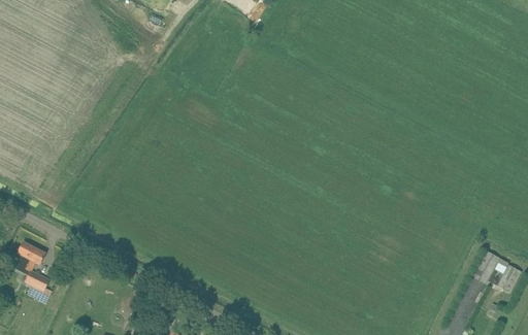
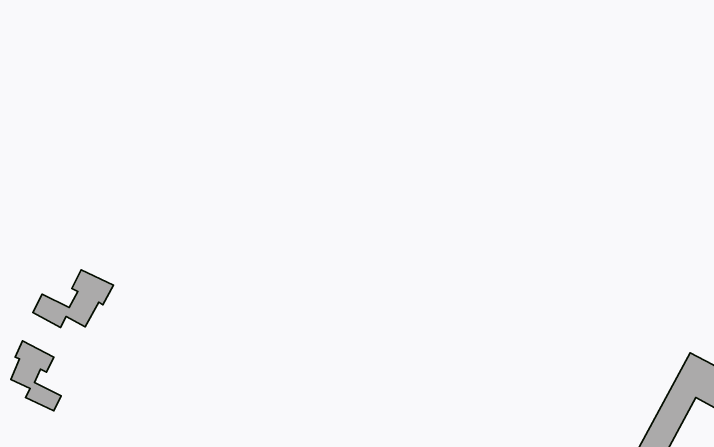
building: none -> [33,270,113,327]

